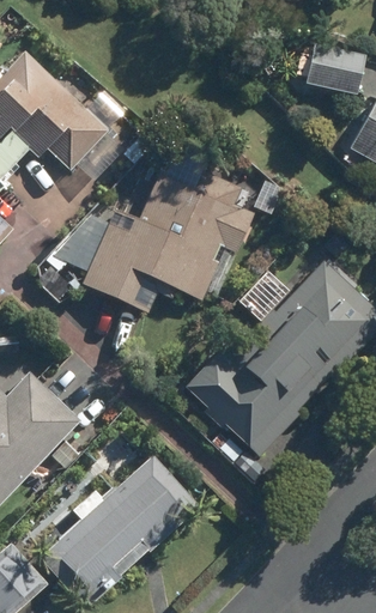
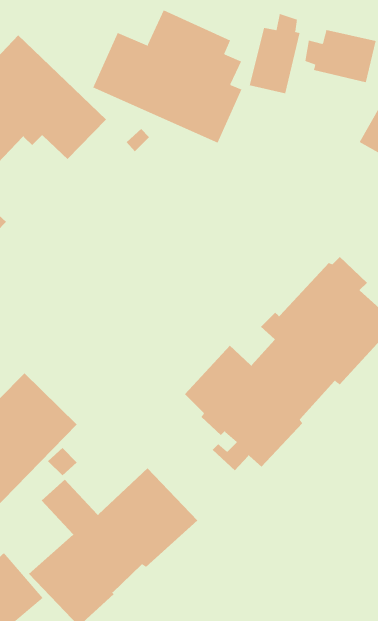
building: none -> [93,10,242,144]
building: none -> [249,13,300,94]
building: [40,172,250,316] -> none

